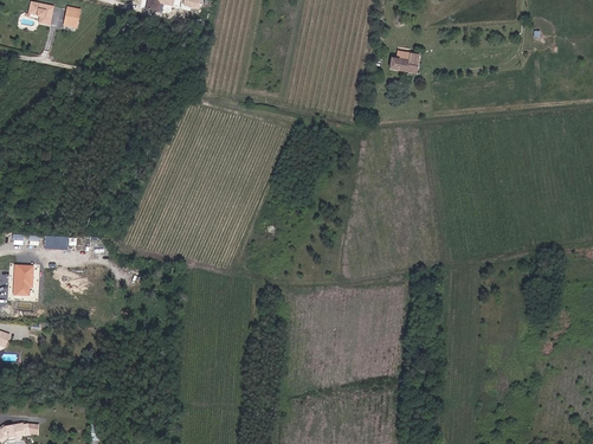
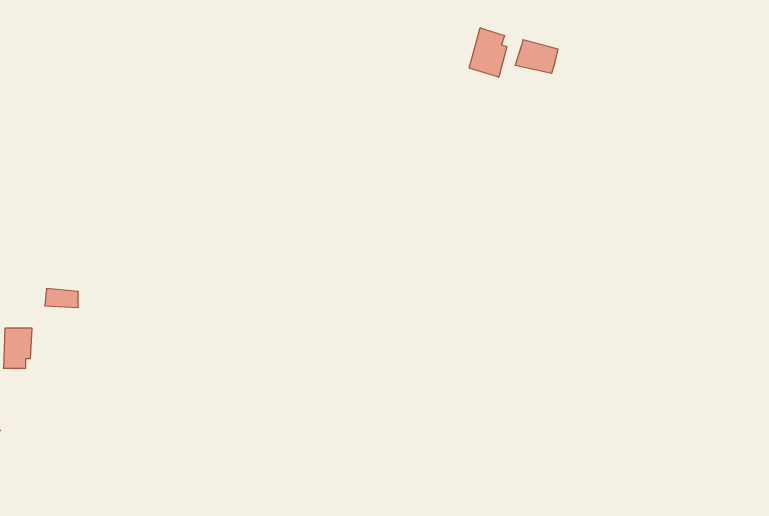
building: none -> [469,28,507,77]

